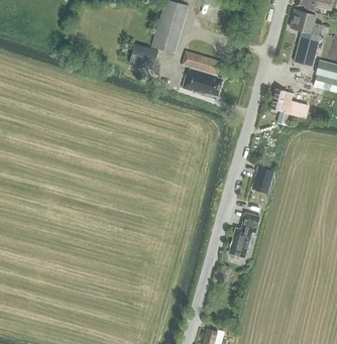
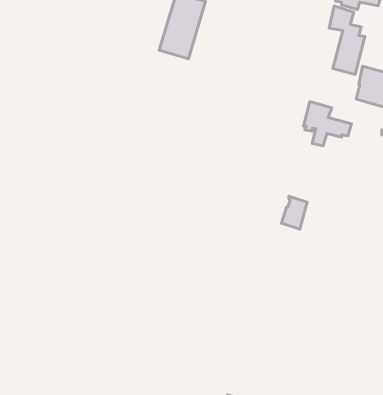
building: [128,42,157,68] -> none
building: [181,50,222,96] -> none
building: [228,212,259,257] -> none

